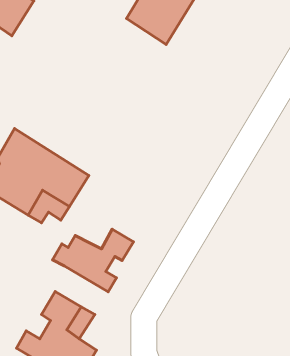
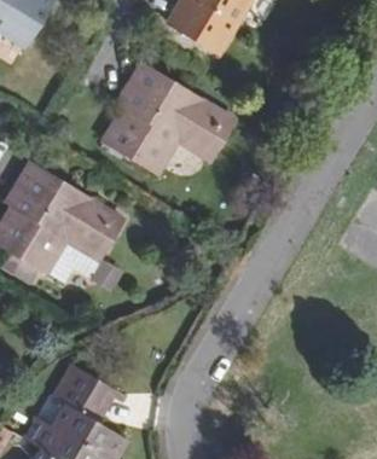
building: none -> [104,66,234,175]
building: [53,229,133,292] -> none

